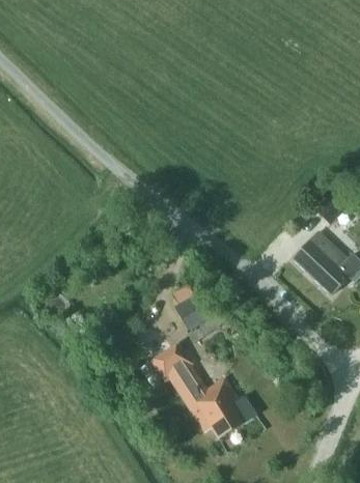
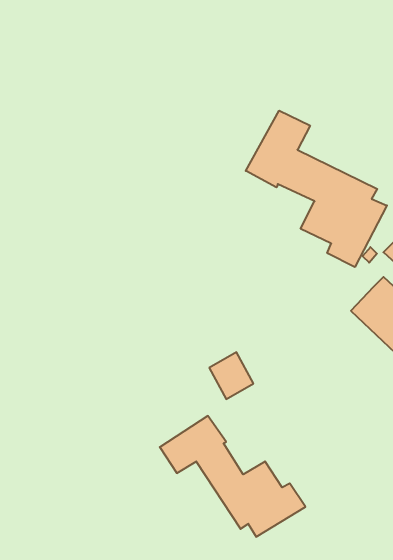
building: none -> [246,111,387,267]

